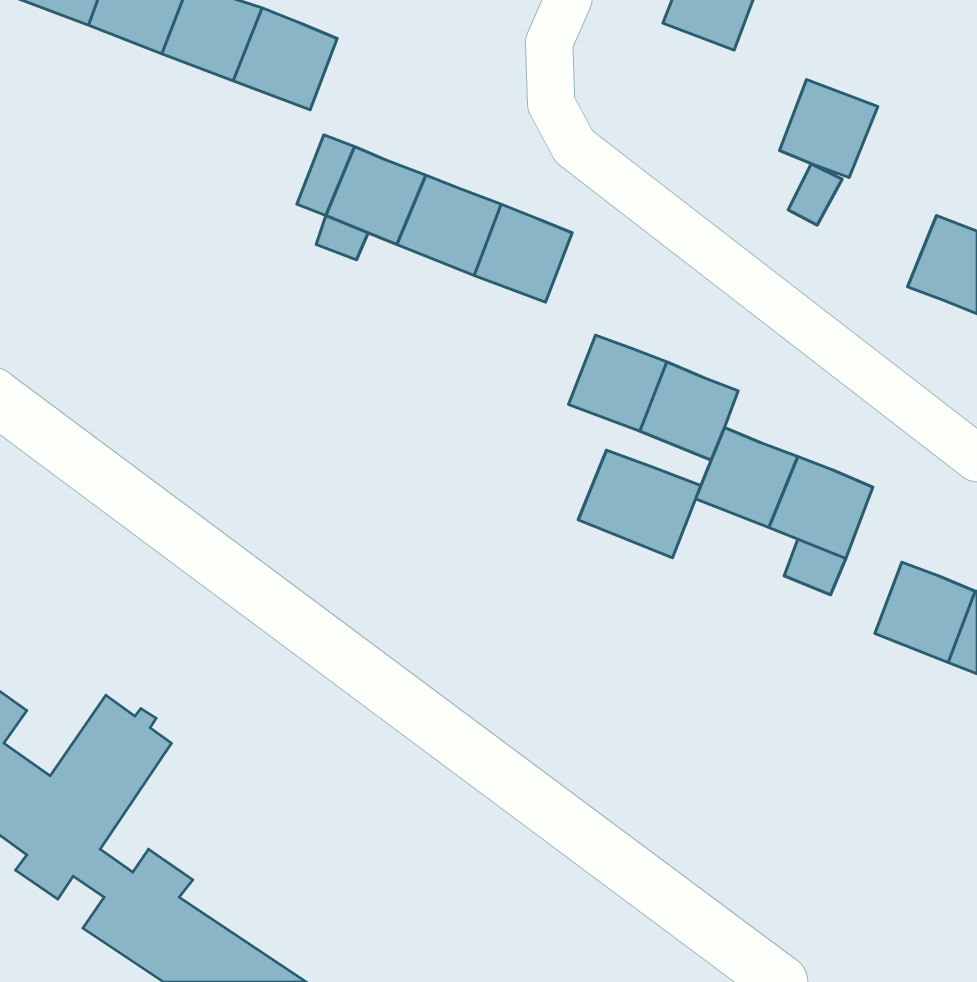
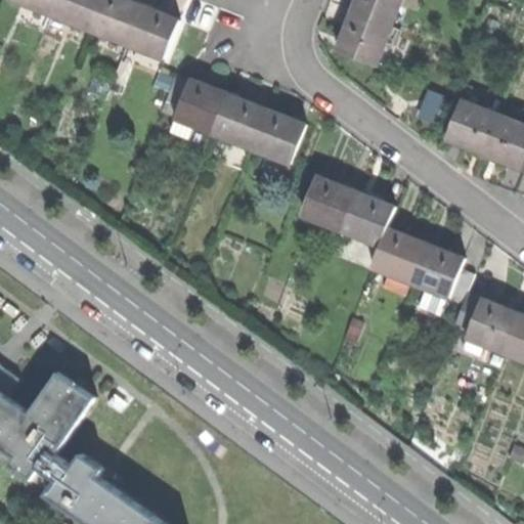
building: none -> [338,12,390,64]
building: [780,79,878,178] -> [445,100,497,152]
building: [578,450,701,558] -> none

